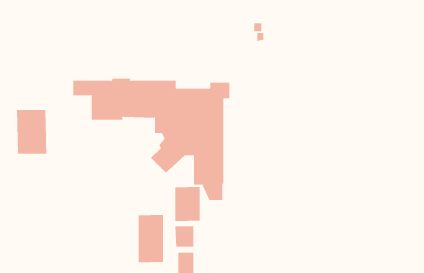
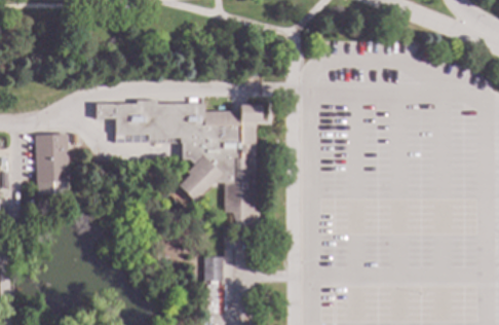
building: [175,186,200,222] -> none
building: [138,214,164,263] -> none

